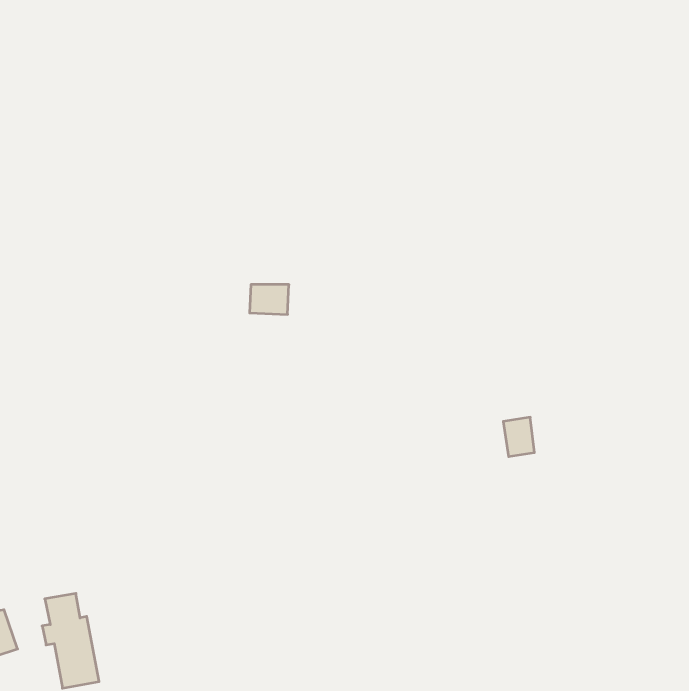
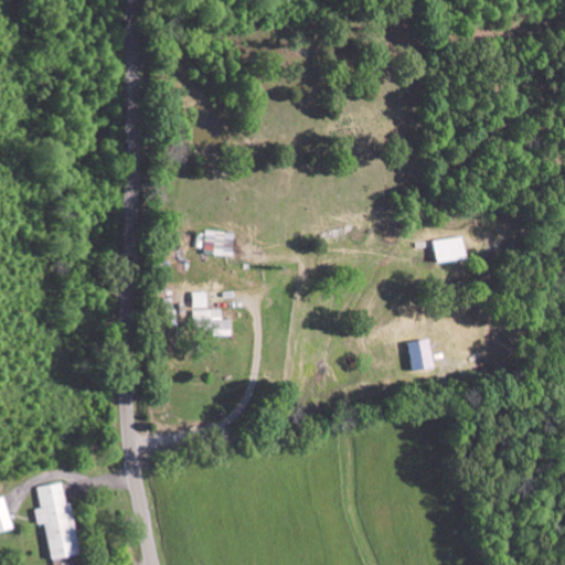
building: none -> [431,237,465,262]
building: none -> [191,292,232,337]

